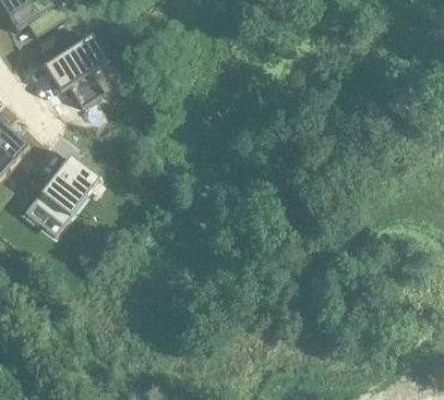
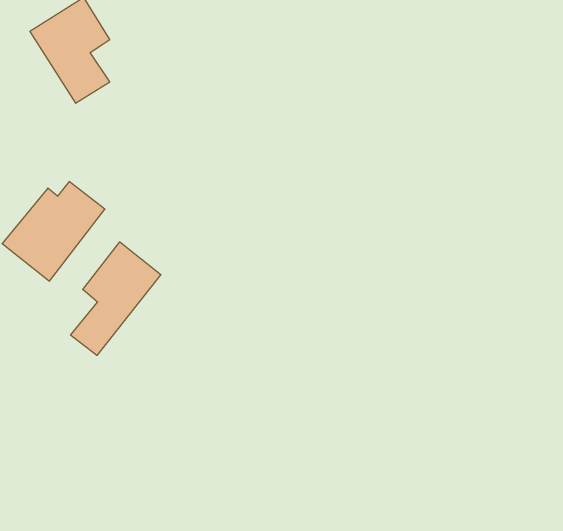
building: none -> [71,242,161,355]

